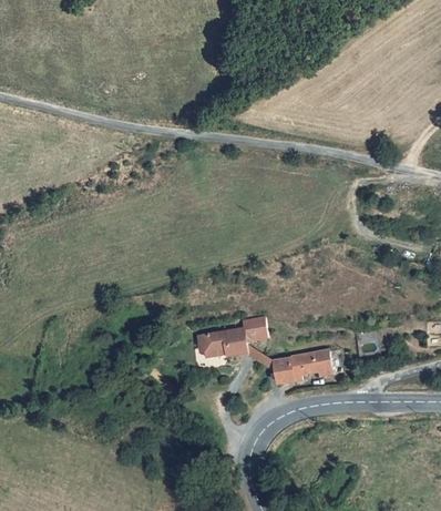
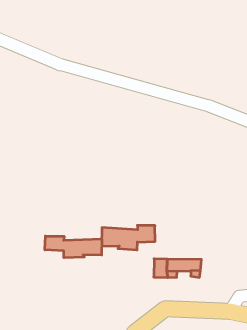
building: none -> [45,236,102,258]

